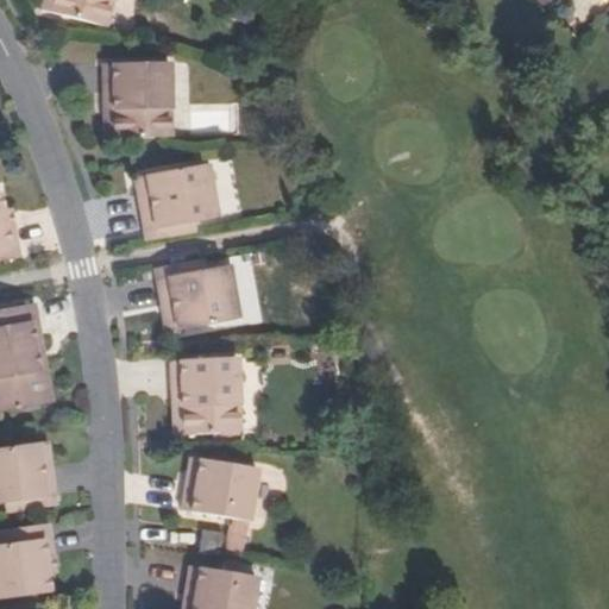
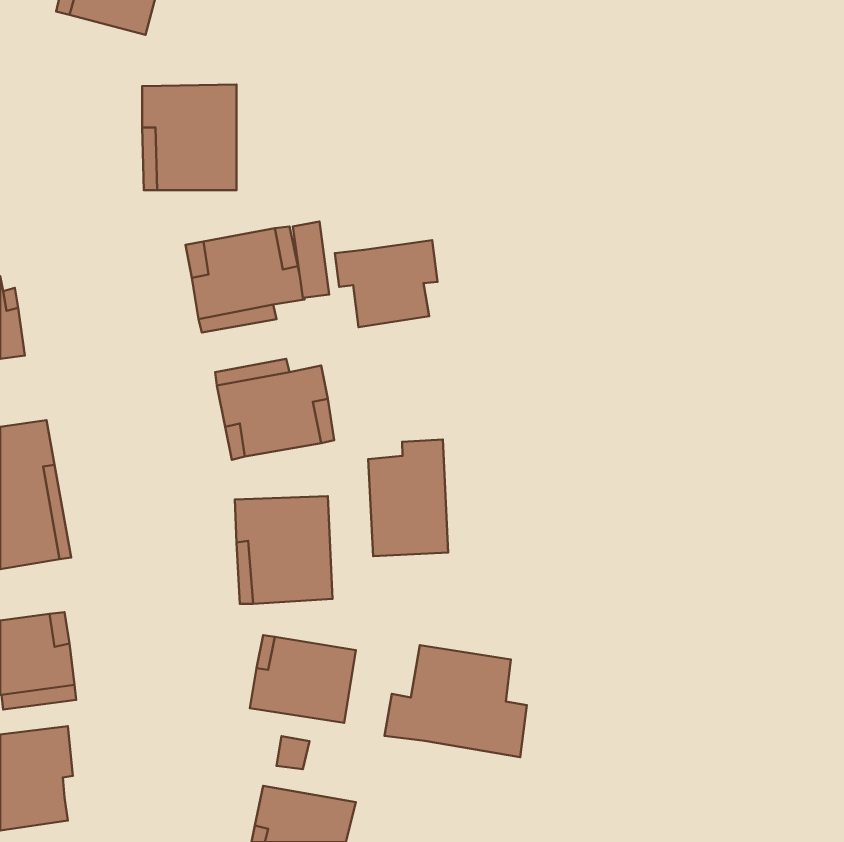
building: none -> [335,240,437,327]
building: none -> [368,440,448,556]
building: none -> [384,645,527,757]

